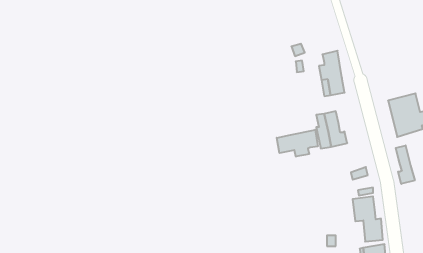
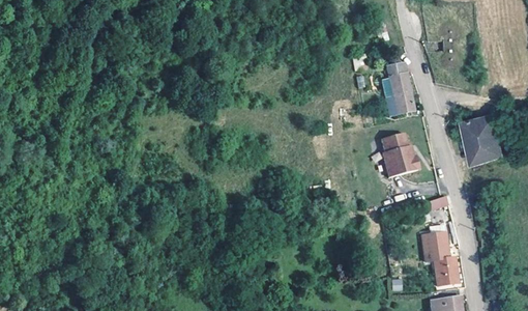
building: [277,130,318,157] -> none
building: [396,145,415,184] -> none

